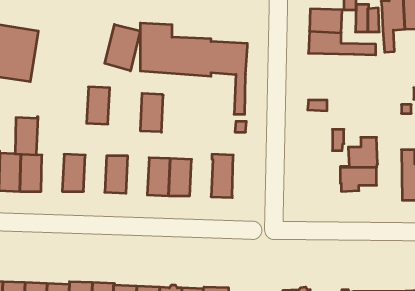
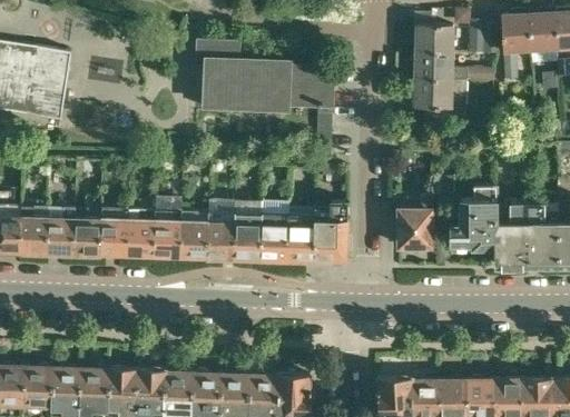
building: [105,24,140,71] -> none
building: none -> [409,80,466,121]
building: [87,87,110,124] -> [127,208,156,255]
building: [140,93,163,132] -> [180,209,209,258]
building: [15,117,38,155] -> [73,207,102,255]
building: none -> [400,185,432,246]
building: none -> [314,201,348,260]
building: none -> [495,201,528,265]
building: none -> [261,214,289,260]

